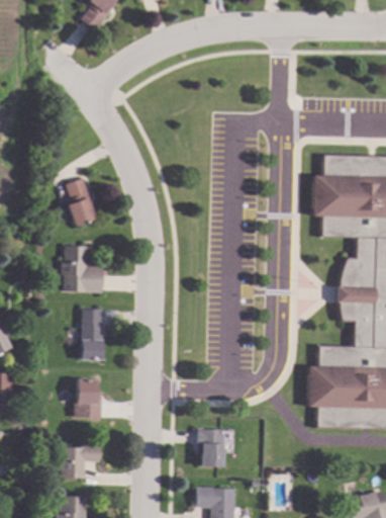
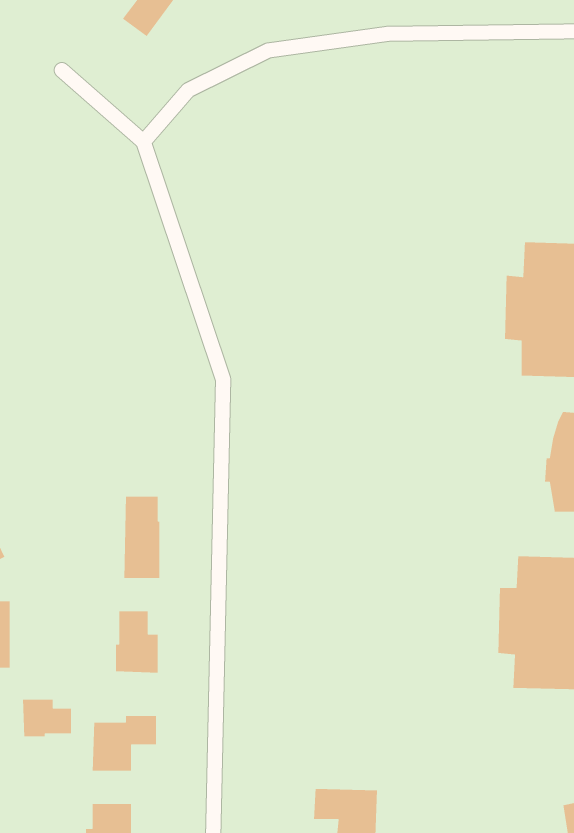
building: [65,178,98,227] -> none
building: [63,246,104,292] -> none
building: [199,429,225,466] -> none
building: none -> [22,699,72,737]

